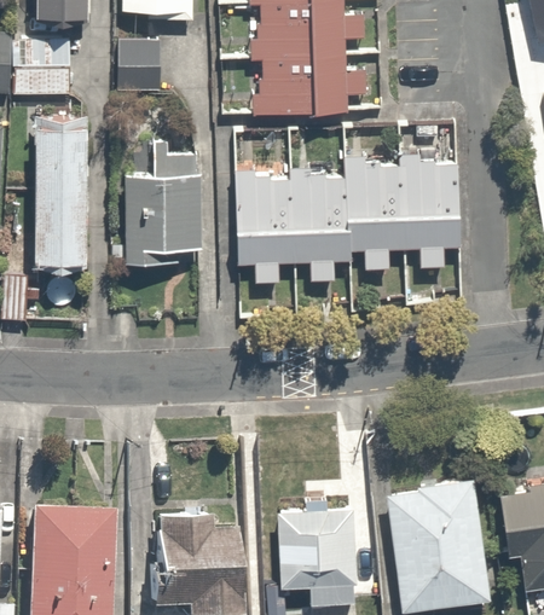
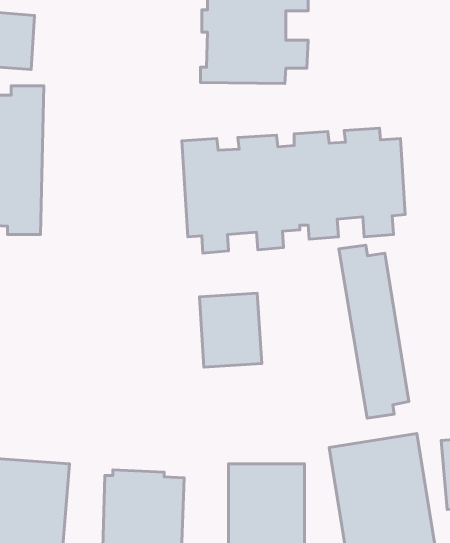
building: [116,40,170,92] -> none
building: [121,152,208,265] -> none
building: none -> [339,245,409,418]
building: none -> [199,293,262,367]

